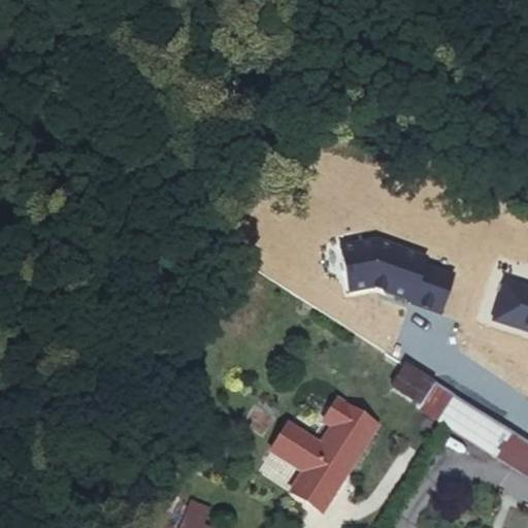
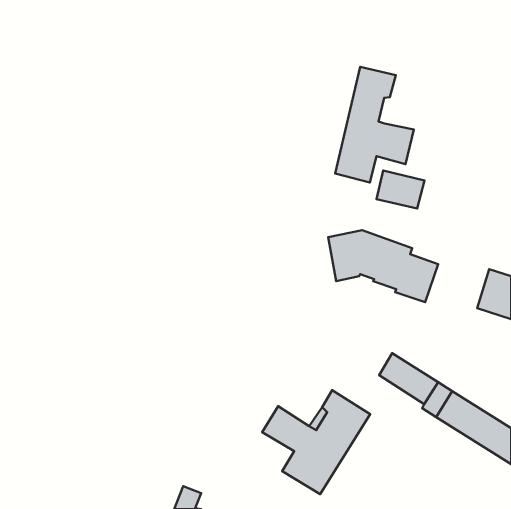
building: none -> [335,67,414,182]
building: none -> [376,170,425,208]

